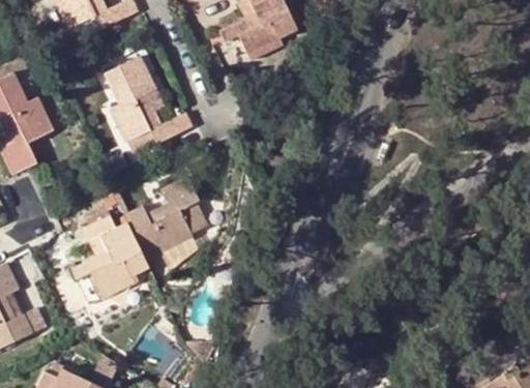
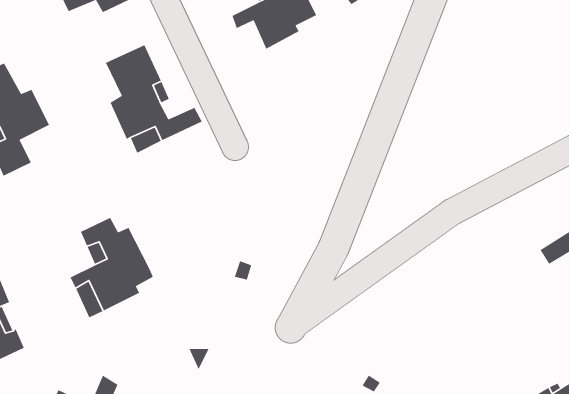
building: [123,176,211,260] -> none

